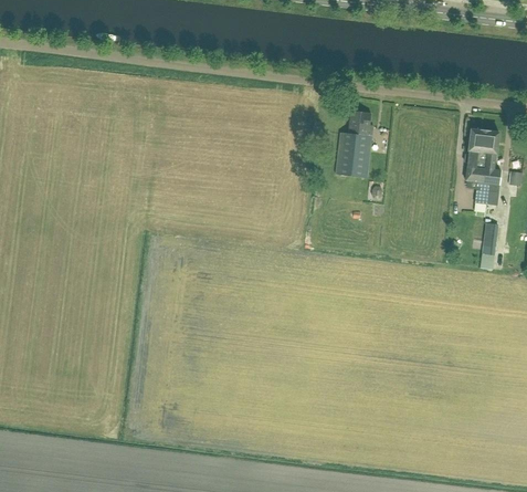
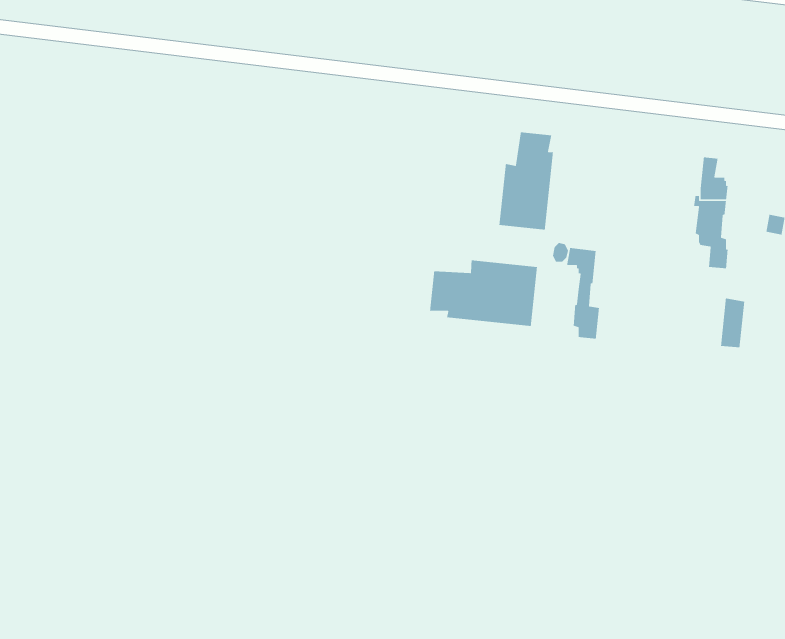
building: [478,130,500,191] -> [566,247,600,340]
building: none -> [429,259,538,327]

